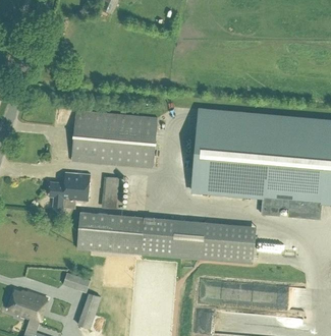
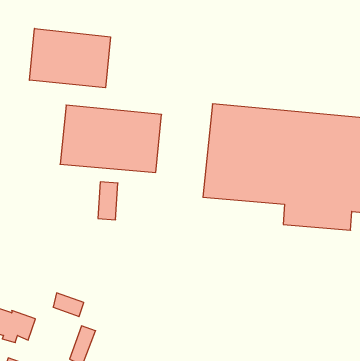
building: none -> [29,28,110,88]
building: [47,172,90,208] -> none
building: [77,211,257,264] -> none

